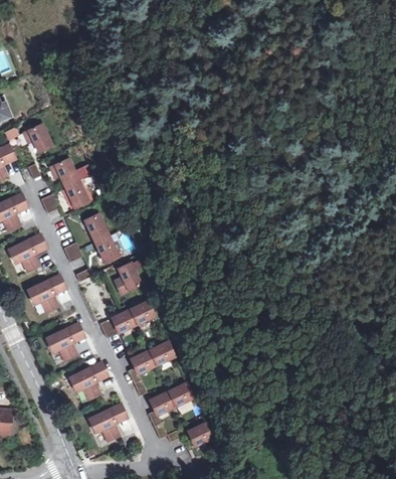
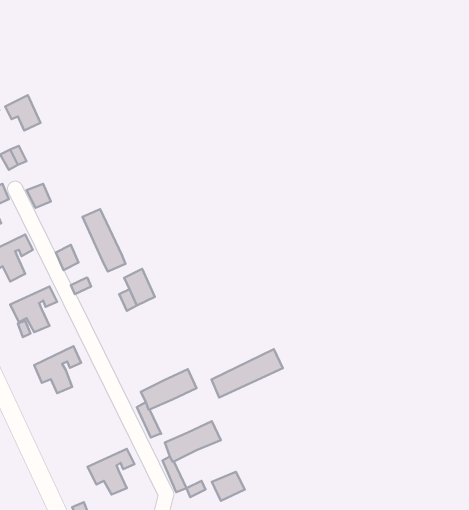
building: [50,159,88,208] -> none
building: [100,300,156,338] -> [212,349,283,397]
building: [69,362,107,400] -> none

